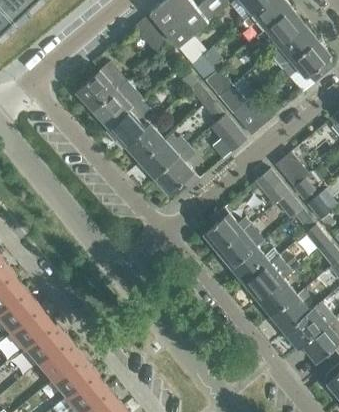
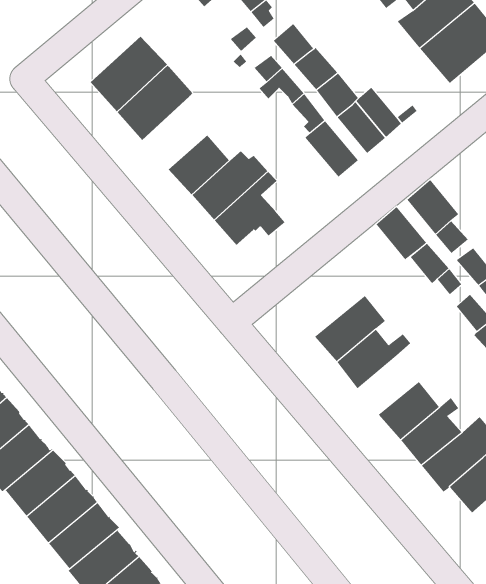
building: [109,100,156,146] -> none
building: [203,207,249,251] -> none
building: [244,255,299,300] -> none

